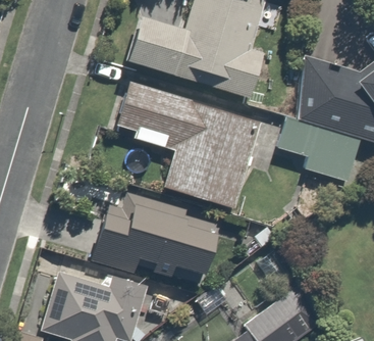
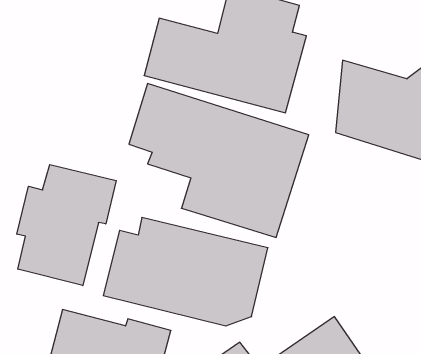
building: [281,119,356,183] -> none
building: none -> [17,165,116,286]

